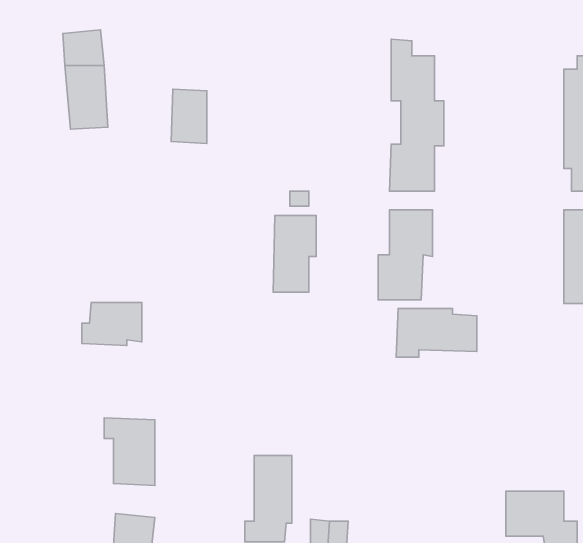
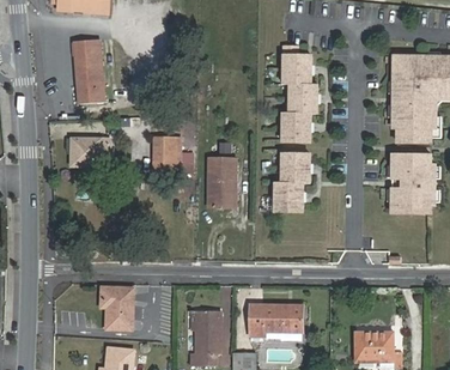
building: [171,89,207,143] -> [157,137,180,171]
building: [82,302,142,346] -> [69,138,108,165]
building: [396,308,477,357] -> [249,304,300,335]

